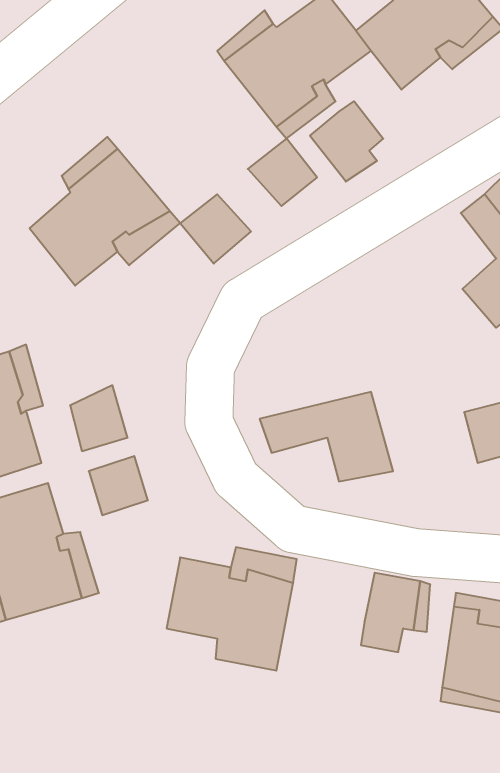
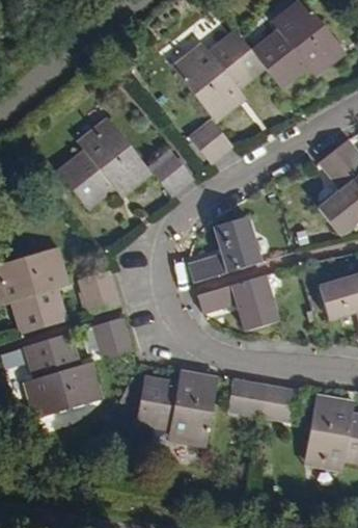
building: [310,101,383,182] -> none
building: none -> [191,217,261,281]
building: none -> [233,380,267,416]

